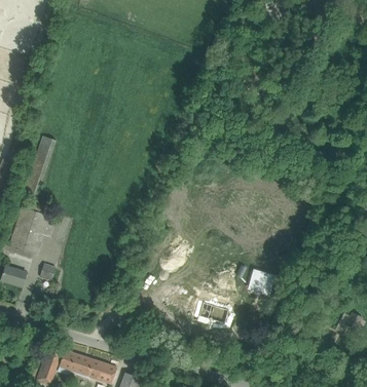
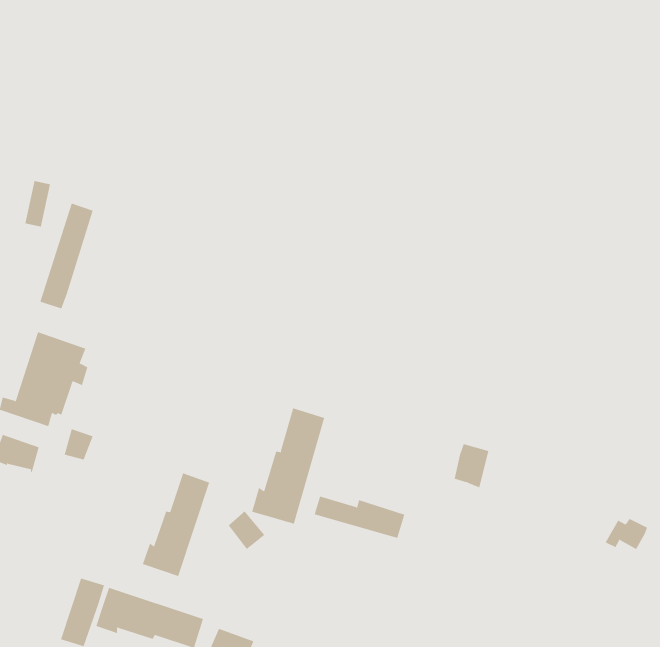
building: none -> [252,408,325,524]
building: none -> [142,472,210,577]

